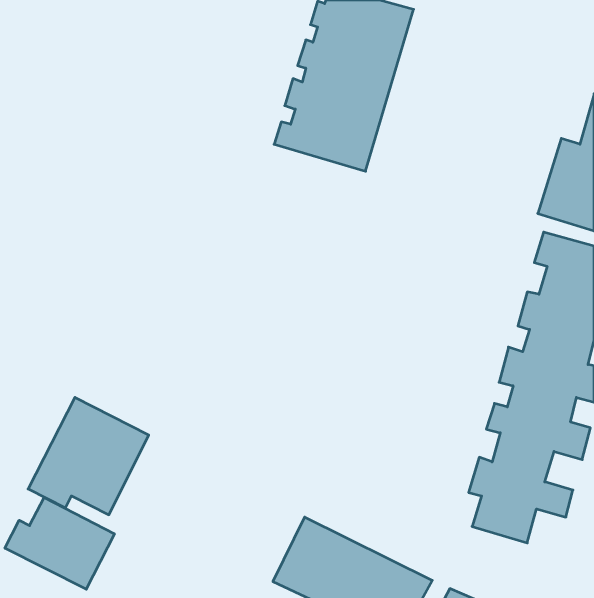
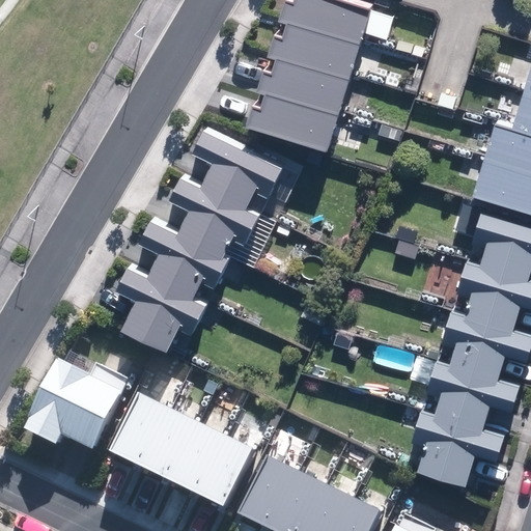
building: none -> [117,121,286,347]
building: none -> [112,394,255,512]
building: [5,498,114,589] -> none

